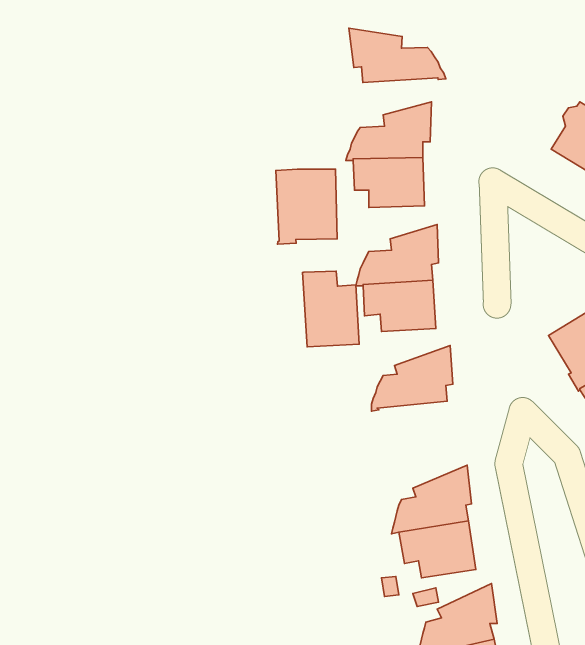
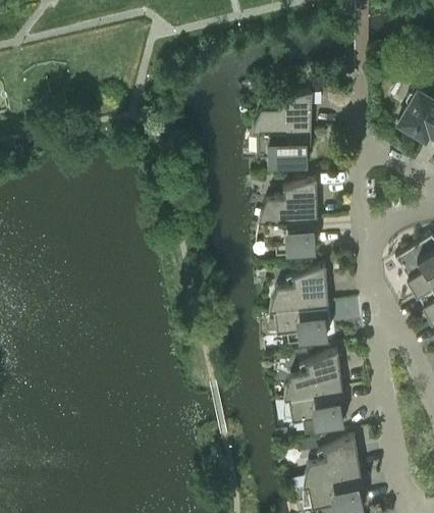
building: [349,28,446,82] -> none
building: [276,169,337,244] -> none
building: [302,271,359,347] -> none
building: none -> [274,306,328,345]

